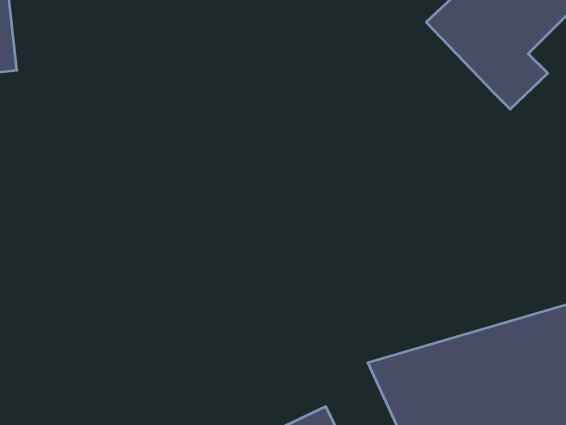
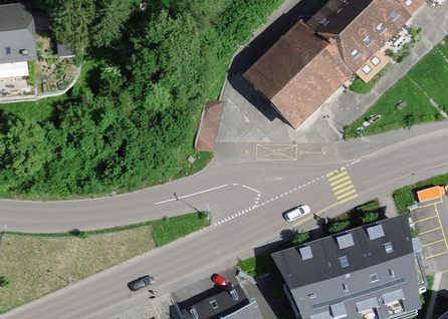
building: none -> [245,21,354,128]

